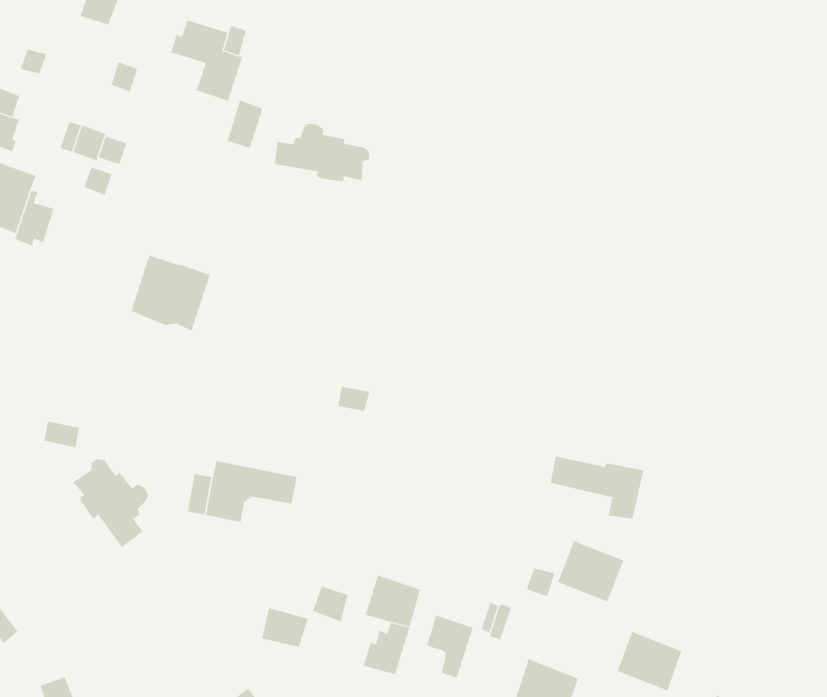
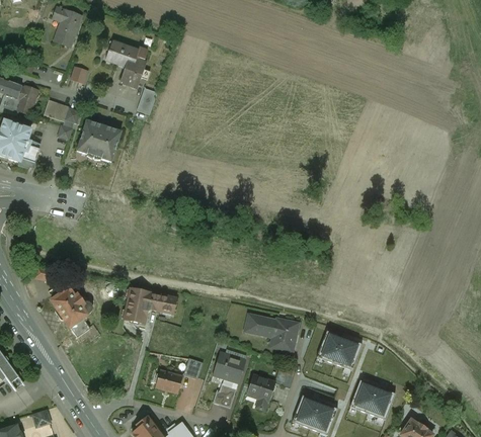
building: none -> [17,85,38,113]
building: [274,123,370,182] -> none
building: [131,255,210,331] -> [77,119,122,162]
building: [550,456,644,519] -> [246,315,299,350]

